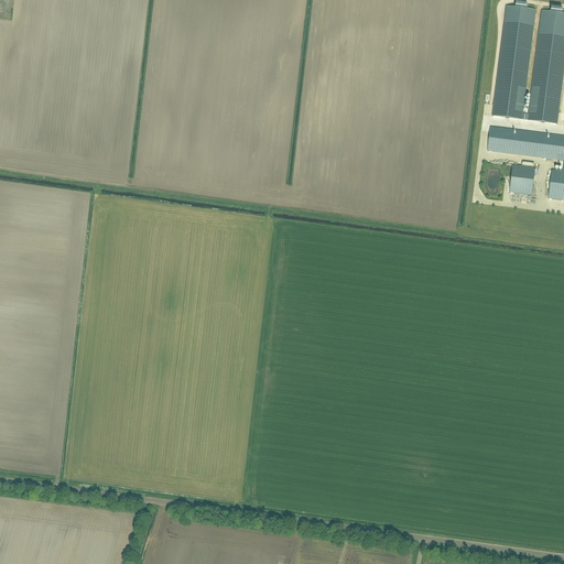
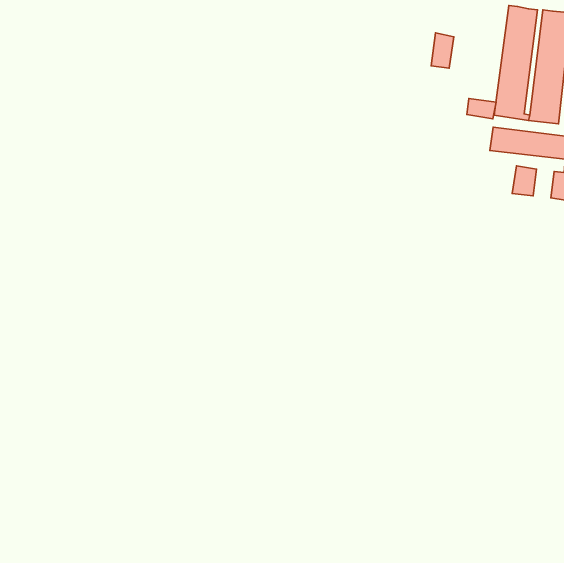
building: none -> [431,33,454,68]
building: none -> [467,99,496,119]

